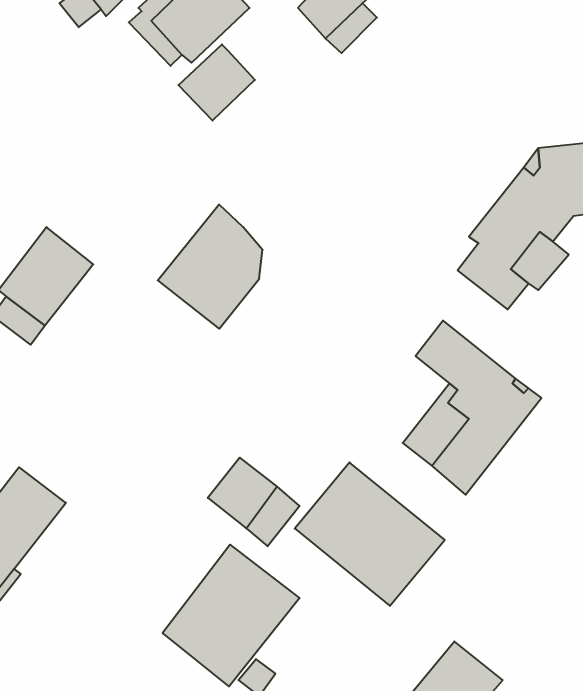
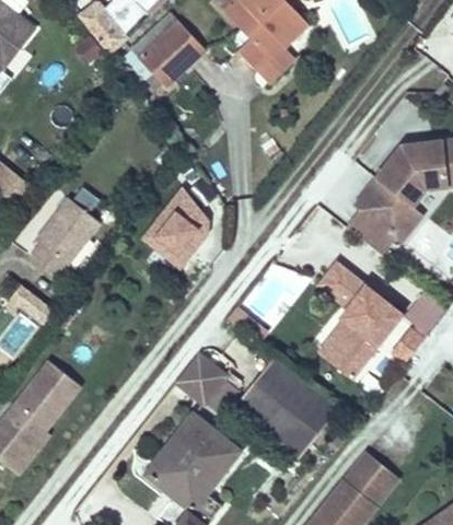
building: [178,44,255,121] -> none
building: none -> [345,452,399,505]

